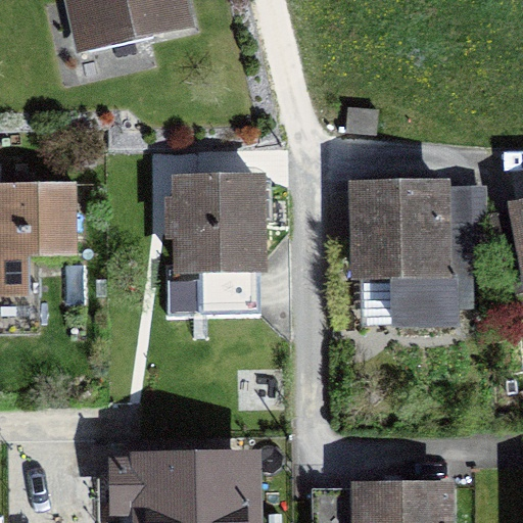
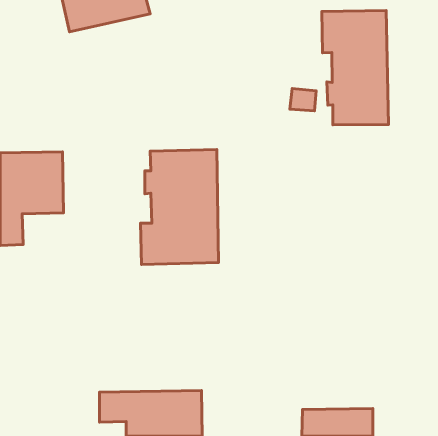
building: none -> [322,11,389,125]
building: [355,185,470,325] -> none

